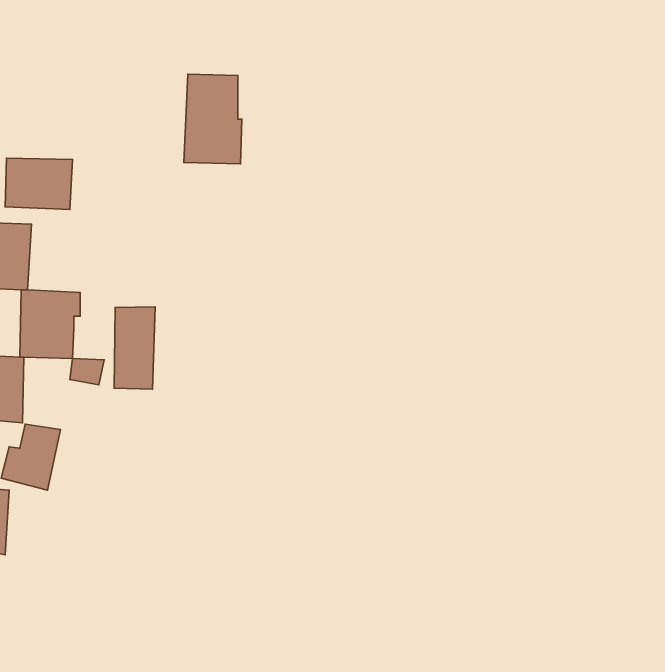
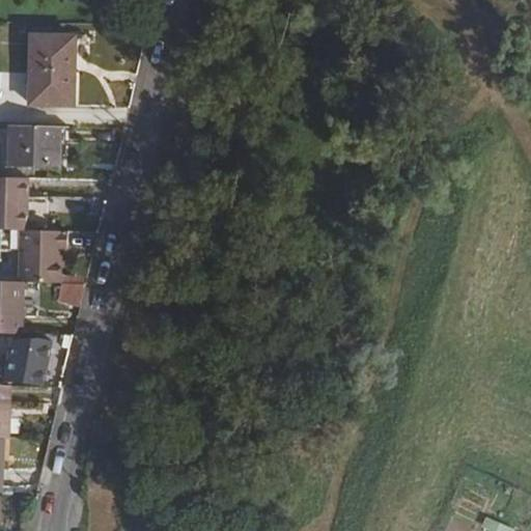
building: [184,74,242,164] -> [34,35,80,106]
building: [114,307,155,389] -> none

